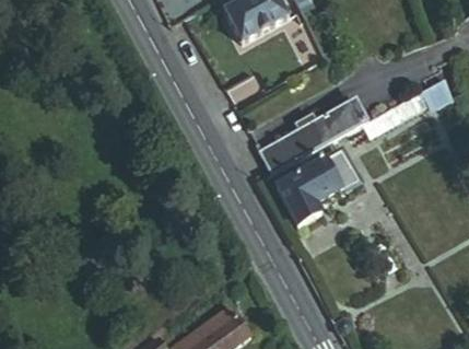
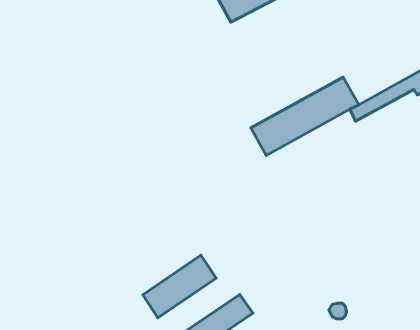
building: [275,148,359,223] -> none
building: none -> [143,255,216,318]

